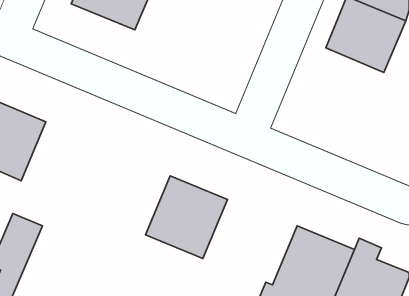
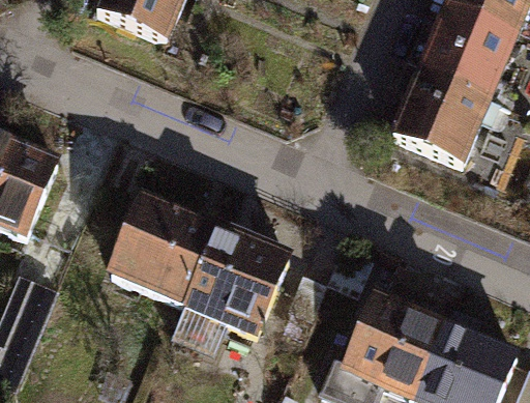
building: none -> [385,67,485,164]
building: none -> [112,199,215,304]

